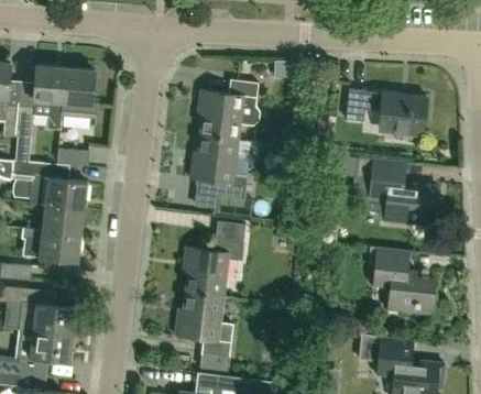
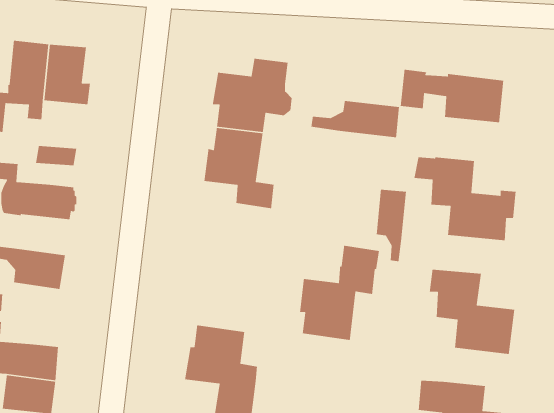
building: none -> [310,100,400,138]
building: none -> [376,189,407,262]
building: [42,204,84,236] -> none
building: [182,220,245,296] -> [299,245,380,341]

